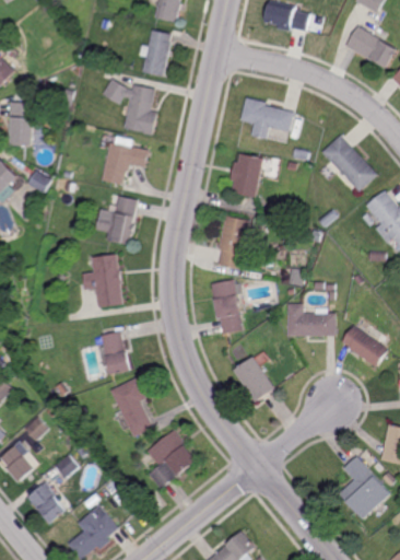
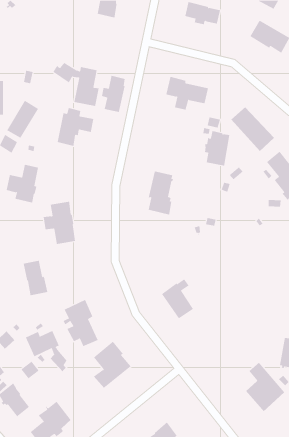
building: [138,30,168,77] -> [101,75,125,113]
building: none -> [7,100,39,138]
building: [228,152,261,197] -> [204,131,230,166]
building: [96,196,138,245] -> [6,164,39,203]
building: [210,280,242,335] -> none
building: [287,304,334,336] -> none
building: [341,325,388,368] -> none
building: [102,331,133,376] -> [23,260,48,296]
building: none -> [25,330,67,372]

